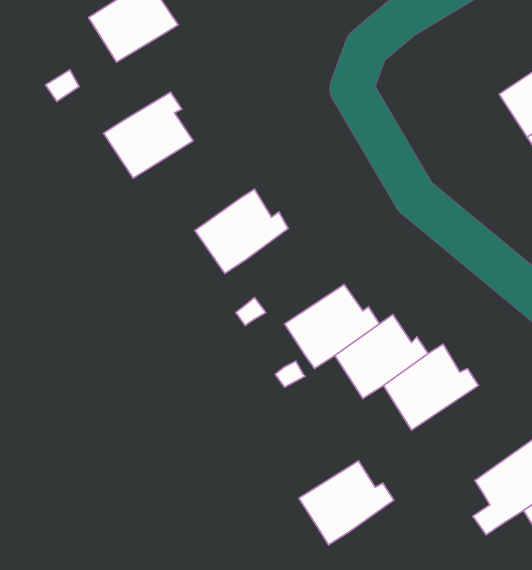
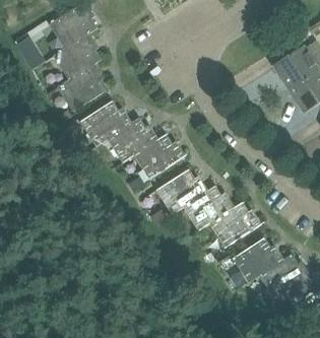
building: none -> [53,32,102,79]
building: none -> [79,100,131,146]
building: none -> [134,133,185,179]
building: [299,461,394,545] -> [232,236,283,282]

